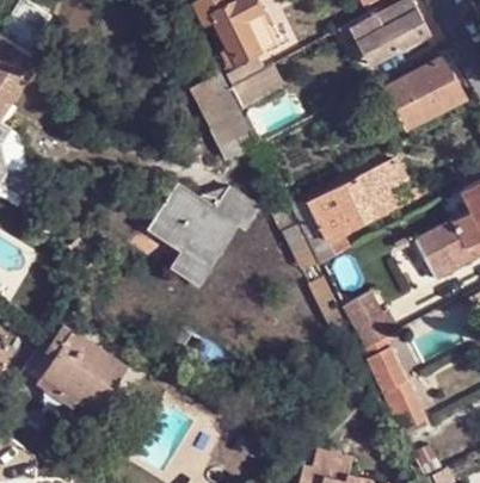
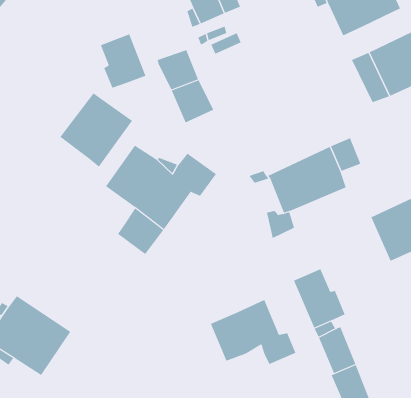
building: none -> [100,33,146,89]
building: none -> [60,92,133,168]
building: none -> [210,299,296,365]

